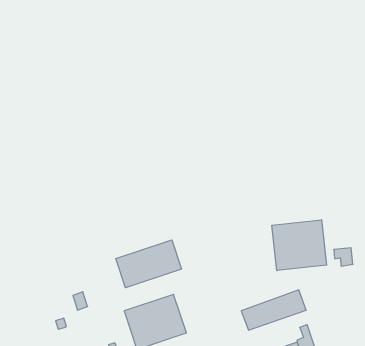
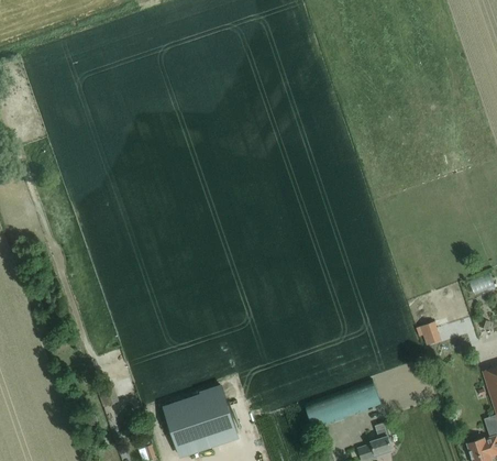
building: [272,220,327,271] -> none
building: [116,240,181,288] -> none

